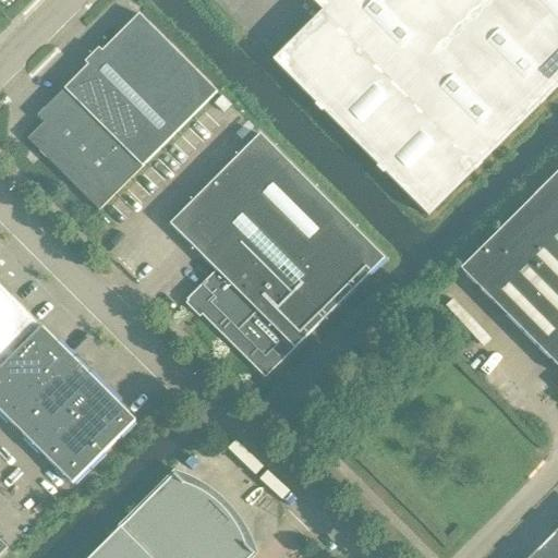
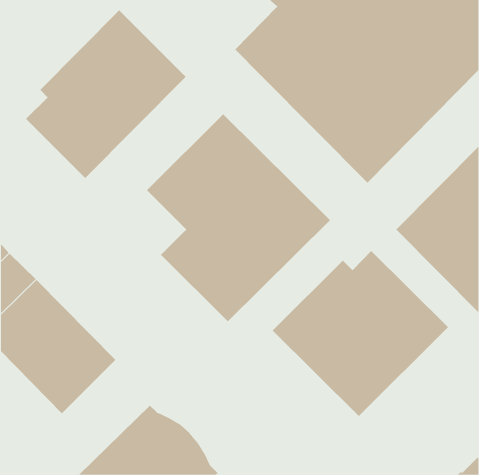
building: none -> [272,250,449,417]

